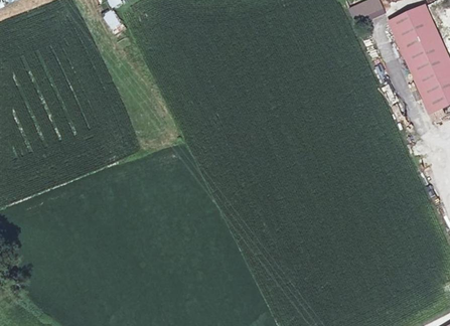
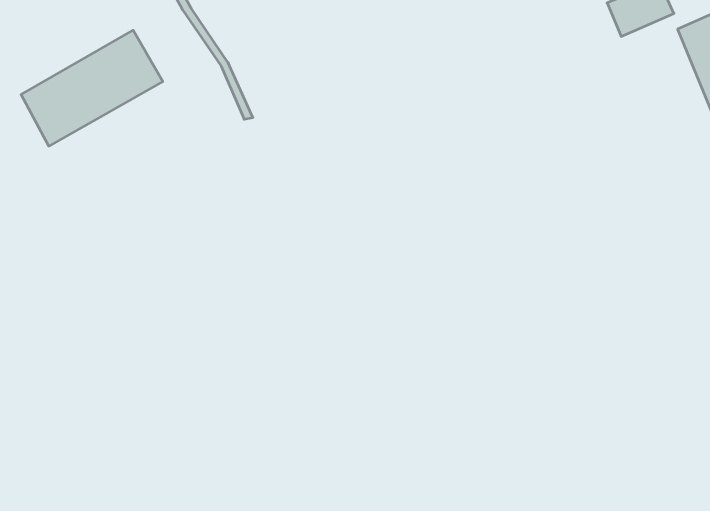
building: none -> [21,30,163,146]

